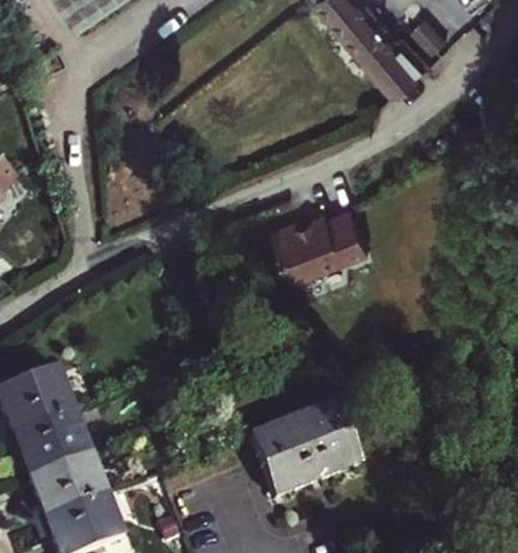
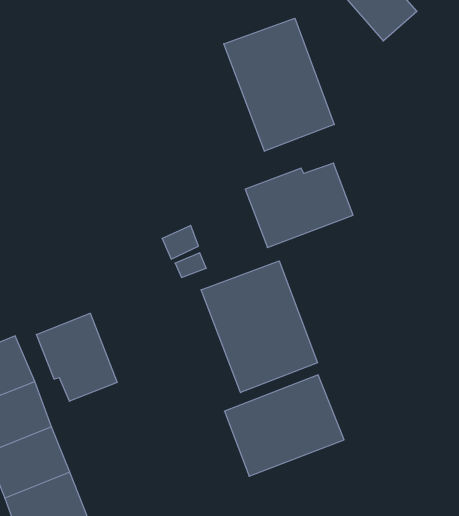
building: none -> [224,18,334,151]
building: none -> [201,261,318,393]
building: none -> [36,313,117,401]

